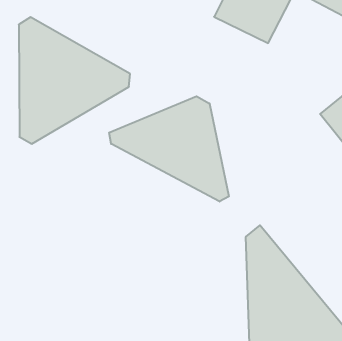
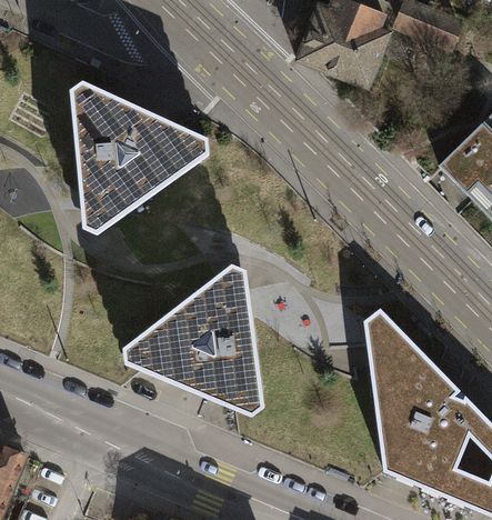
building: [109,96,229,202] -> none
building: none -> [122,264,263,416]

